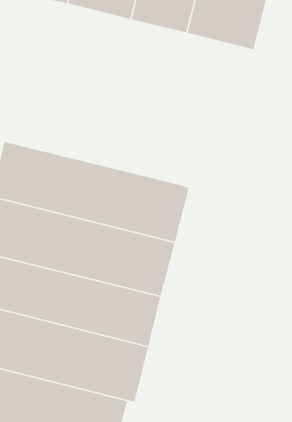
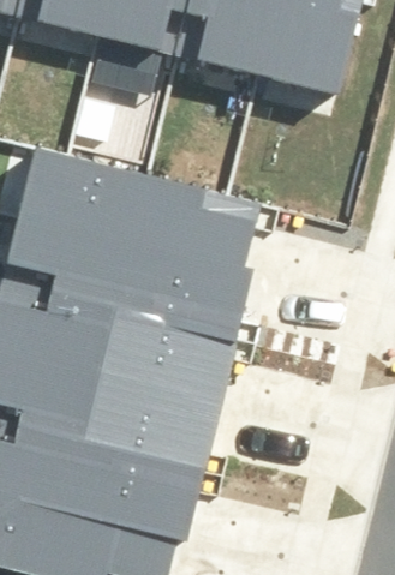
building: none -> [19,146,259,264]

